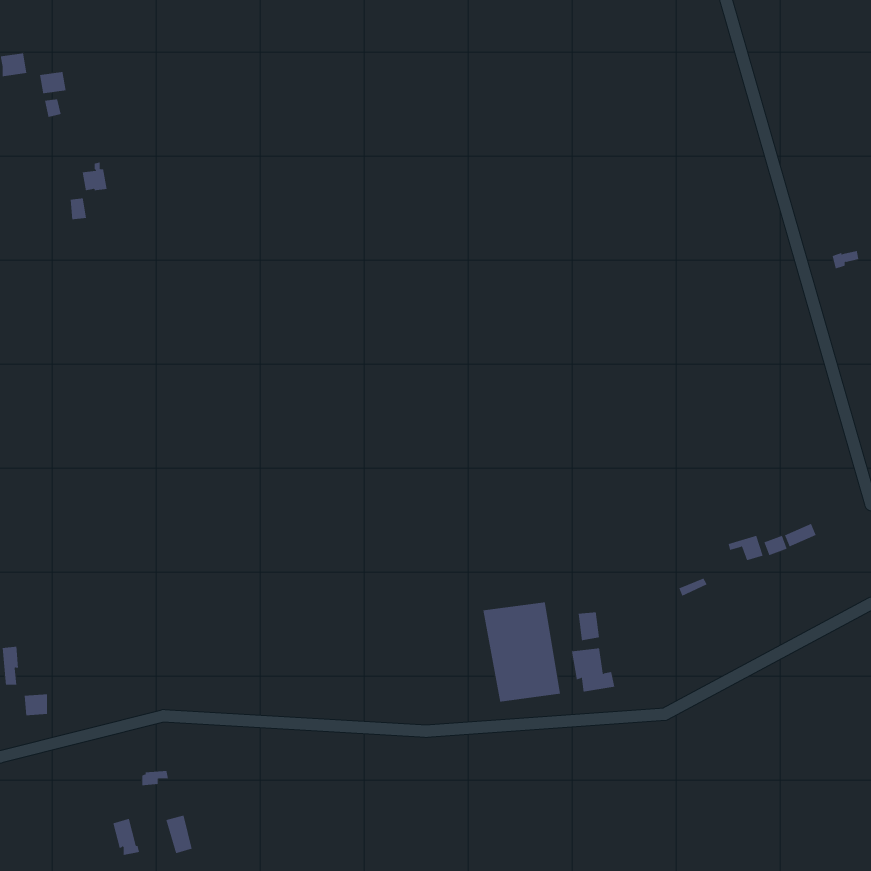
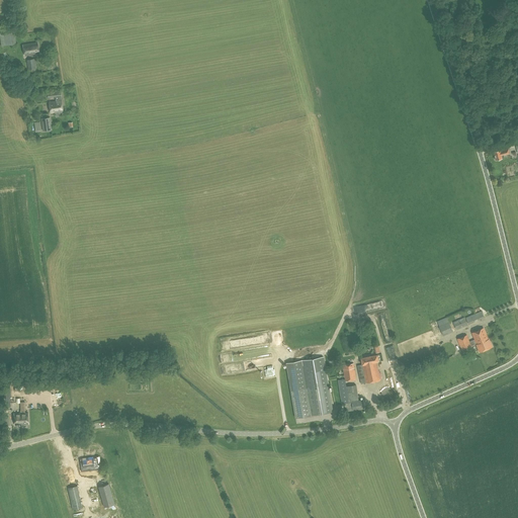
building: none -> [457,328,492,352]
building: none -> [357,354,380,383]

